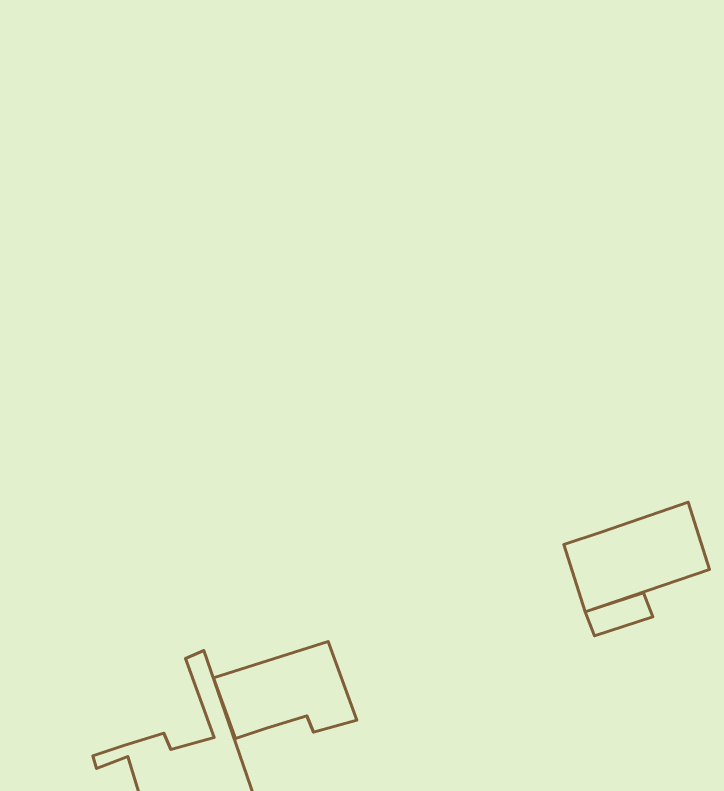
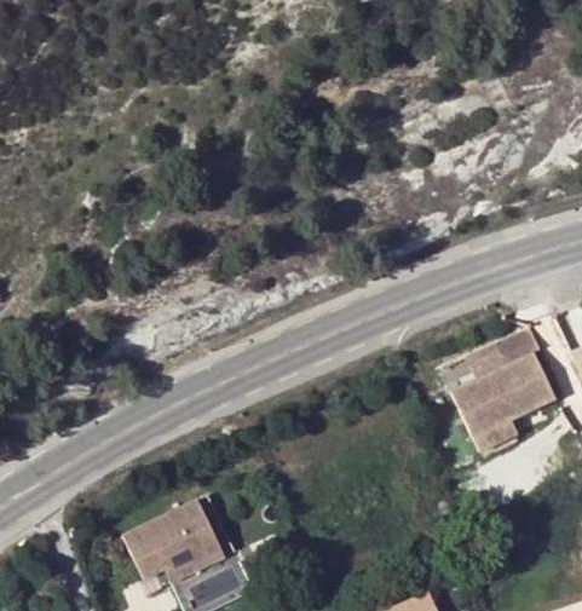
building: none -> [463,325,538,379]
building: [213,641,357,738] -> [121,502,224,577]

